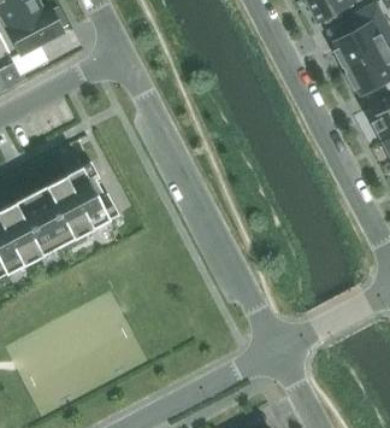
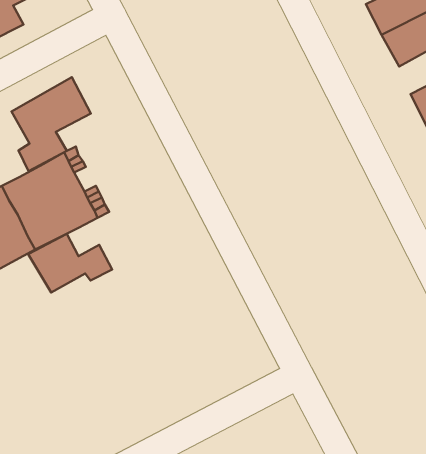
building: none -> [11,77,91,171]
building: none -> [28,234,112,293]

